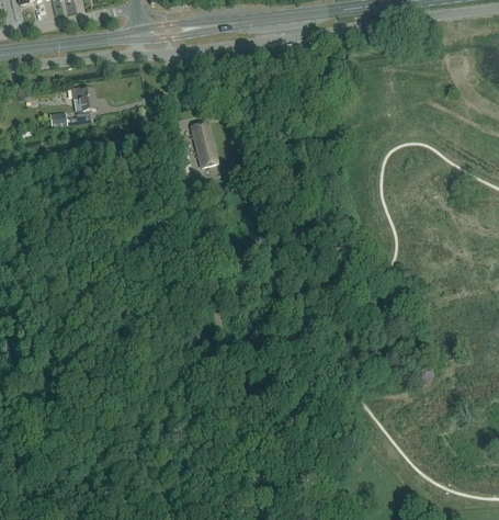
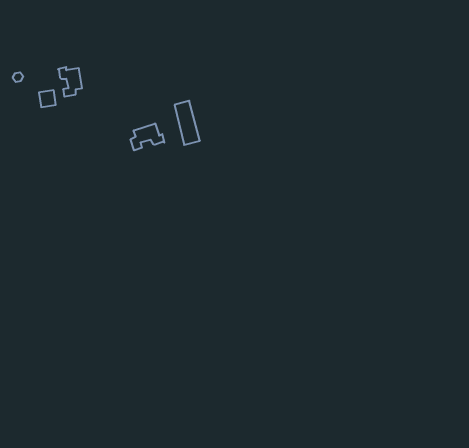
building: none -> [131,123,164,150]

